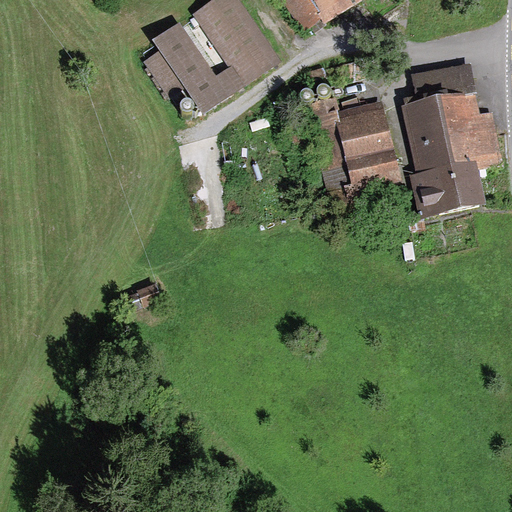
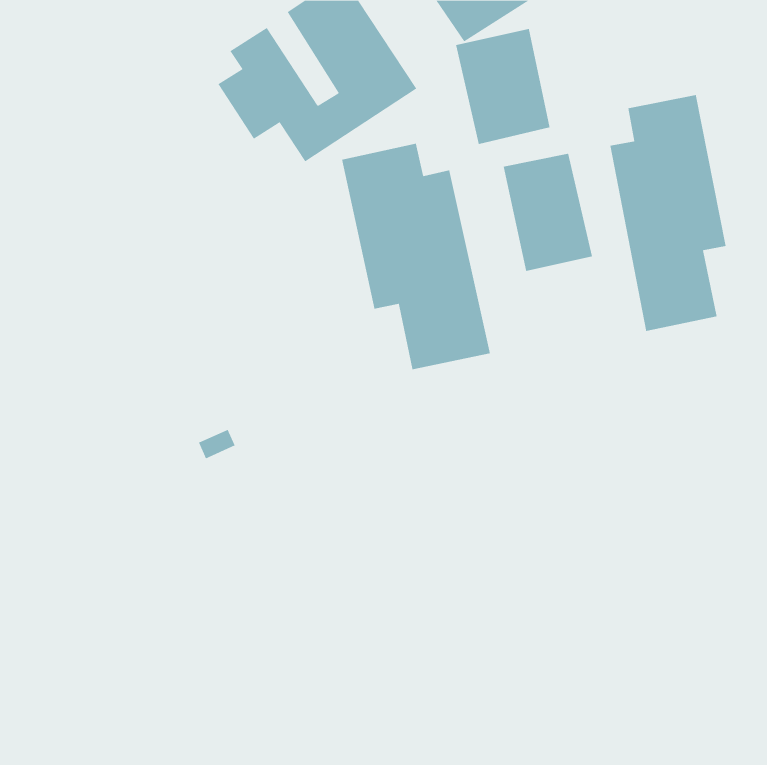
building: none -> [455,28,550,145]
building: none -> [341,143,490,370]

